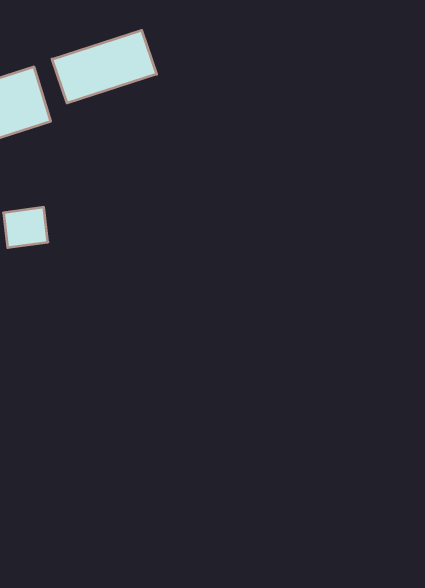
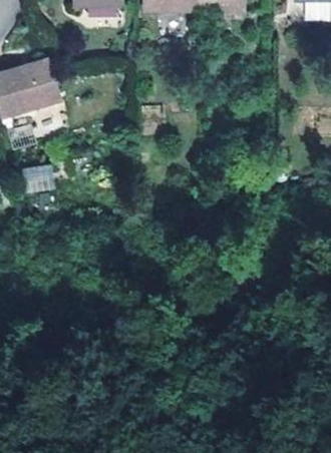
building: [52,30,157,103] -> none

